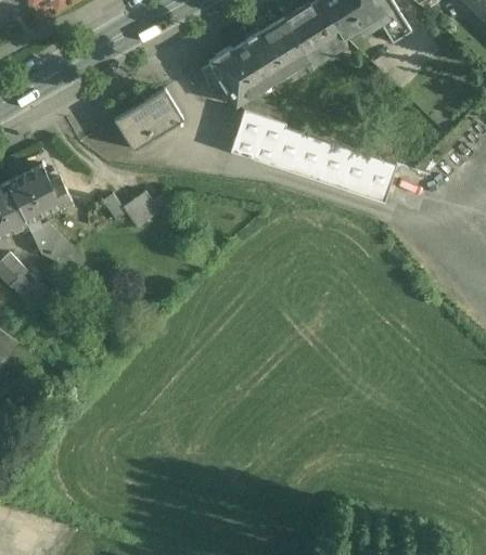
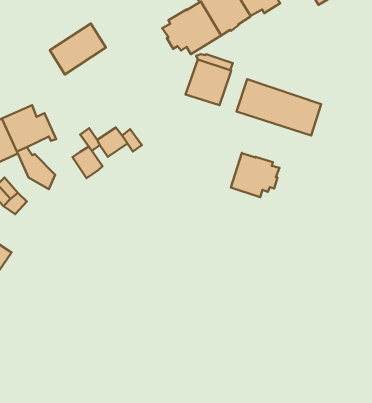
building: [116,88,184,150] -> [50,23,106,74]
building: [271,127,305,172] -> none
building: none -> [72,147,103,178]
building: none -> [231,153,279,197]

